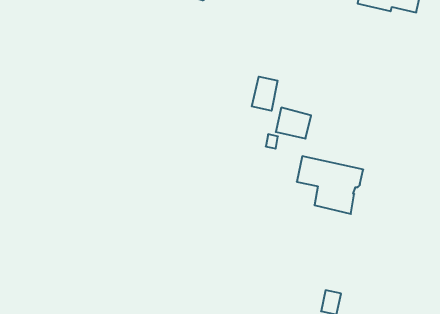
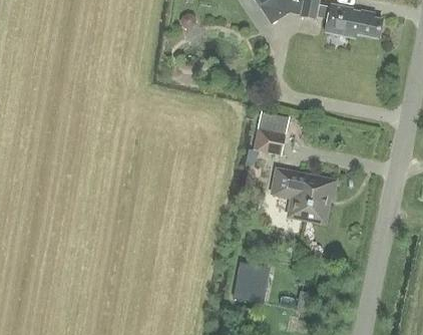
building: [252,77,278,111] -> none
building: none -> [233,263,268,304]

